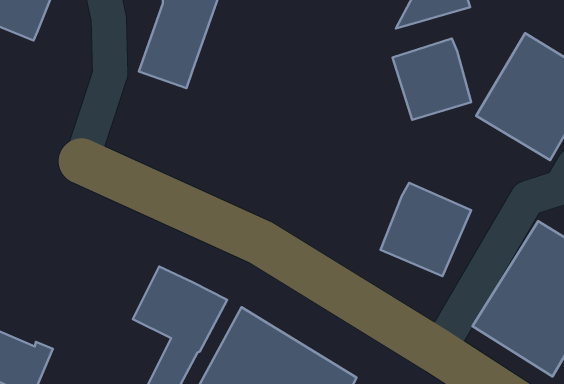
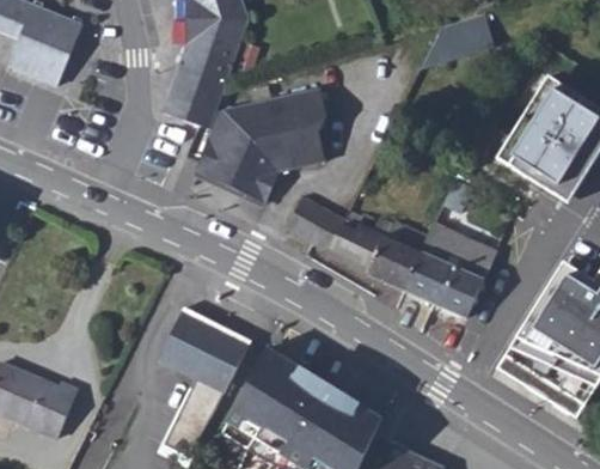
building: [393,39,471,120] -> none
building: none -> [196,89,325,202]
building: none -> [286,196,425,291]

